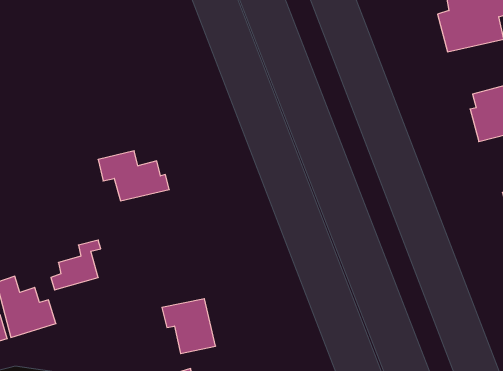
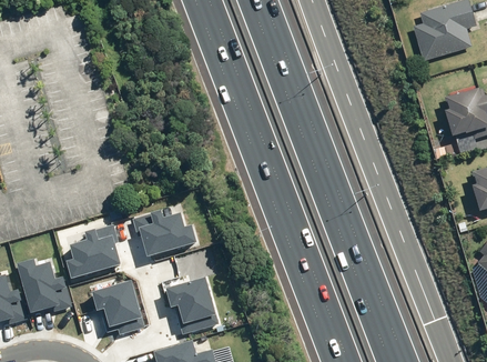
building: [98,151,169,201] -> [126,207,190,251]
building: none -> [93,280,141,329]

